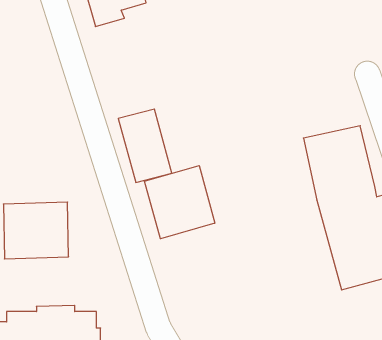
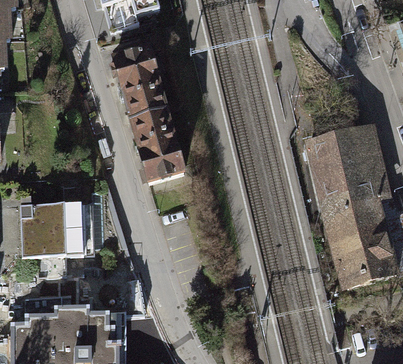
building: none -> [115,49,167,121]
building: [145,166,215,239] -> none

